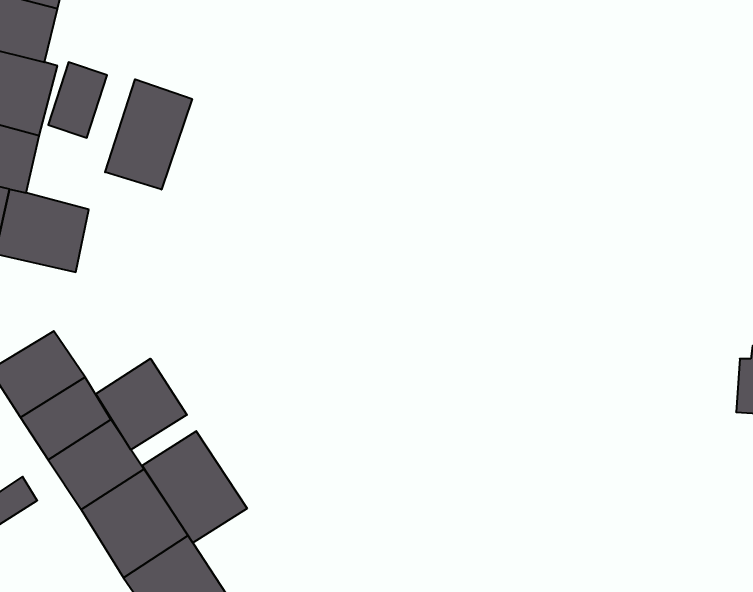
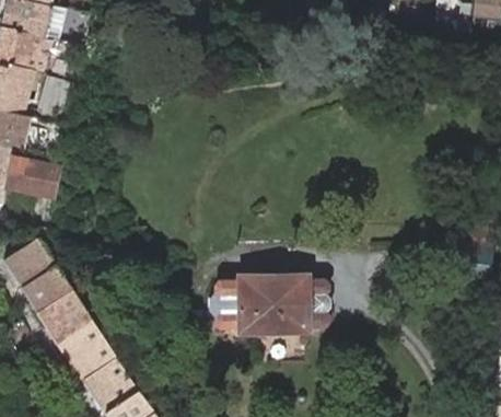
building: [105,79,192,190] -> none
building: [96,359,187,450] -> none
building: none -> [205,268,327,327]
building: [142,431,247,543] -> none

